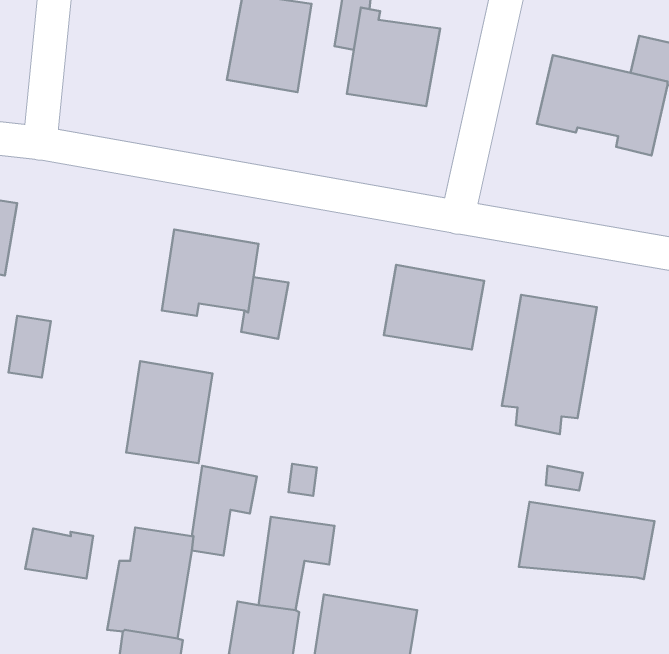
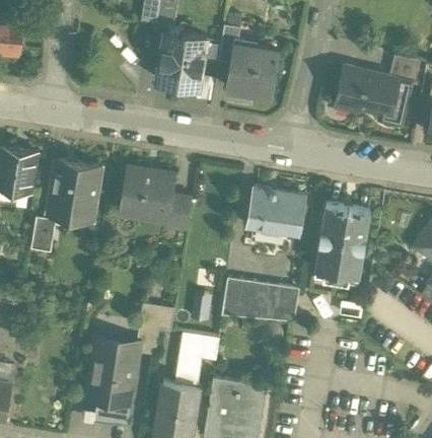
building: [126,361,212,463] -> [49,160,98,219]
building: [519,502,654,579] -> [221,278,299,322]
building: [25,529,93,578] -> none

